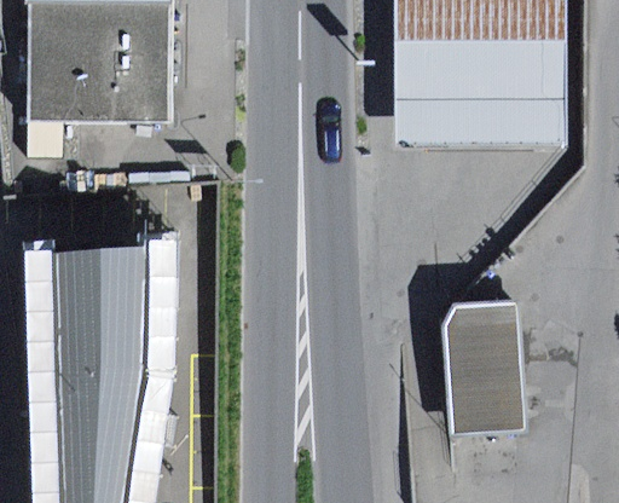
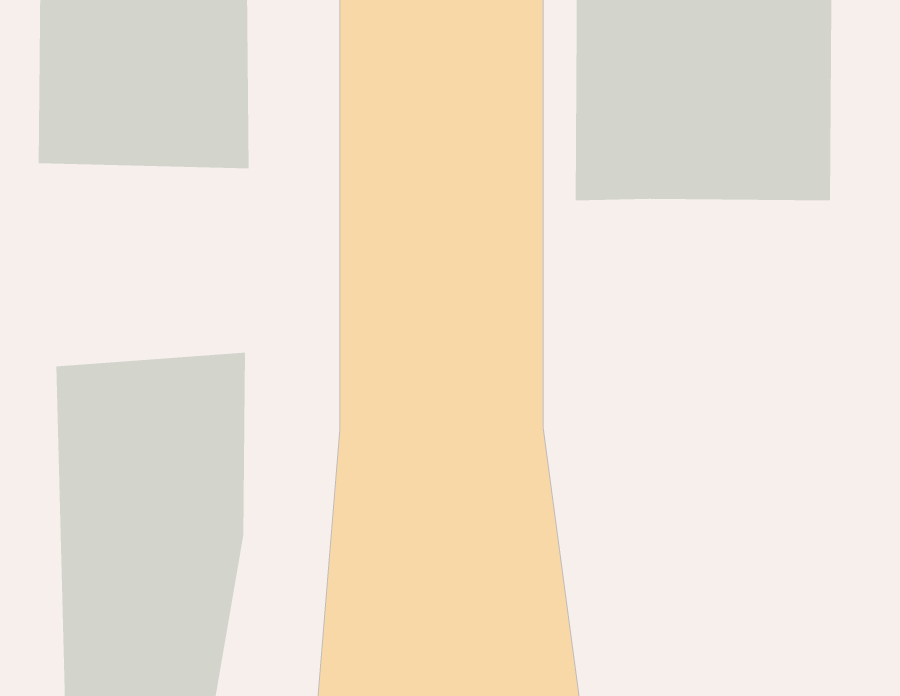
building: [444,305,525,436] -> none

